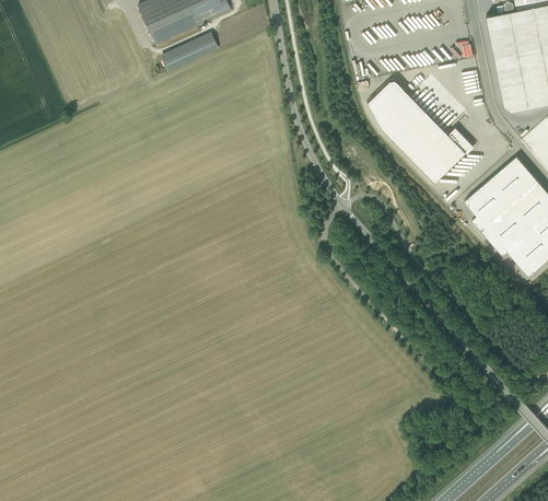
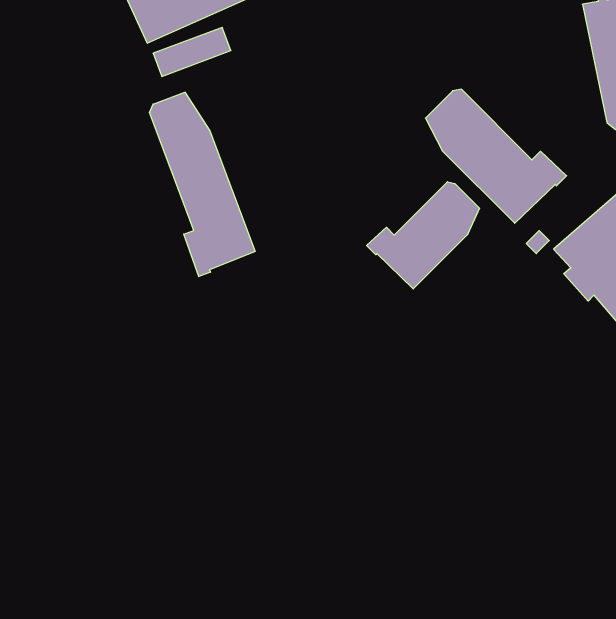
building: none -> [150,92,255,277]
building: none -> [367,182,480,289]

